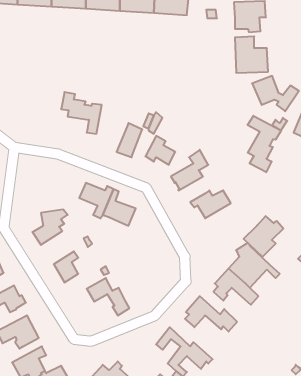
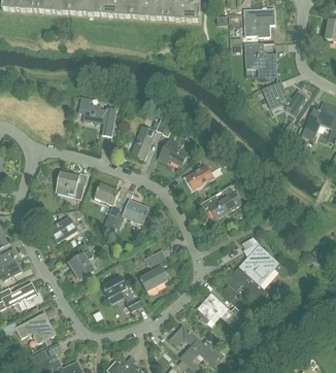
building: [248,116,281,172] -> none
building: none -> [56,172,83,199]
building: [244,216,283,257] -> none
building: none -> [139,248,168,291]

